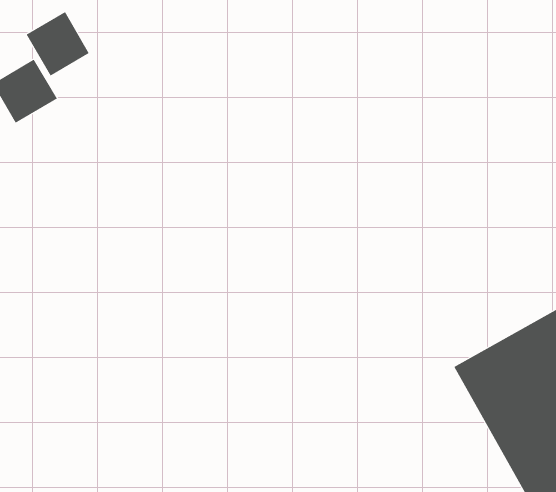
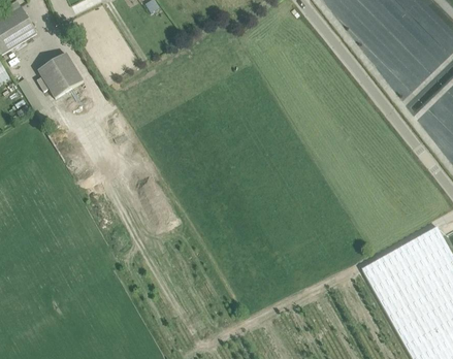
building: [26,11,90,77] -> none

